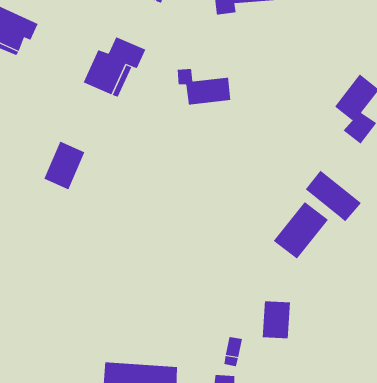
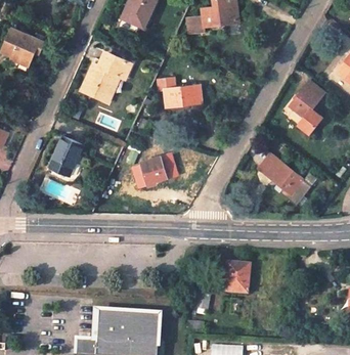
building: none -> [135,154,167,181]
building: [273,201,329,260] -> none

